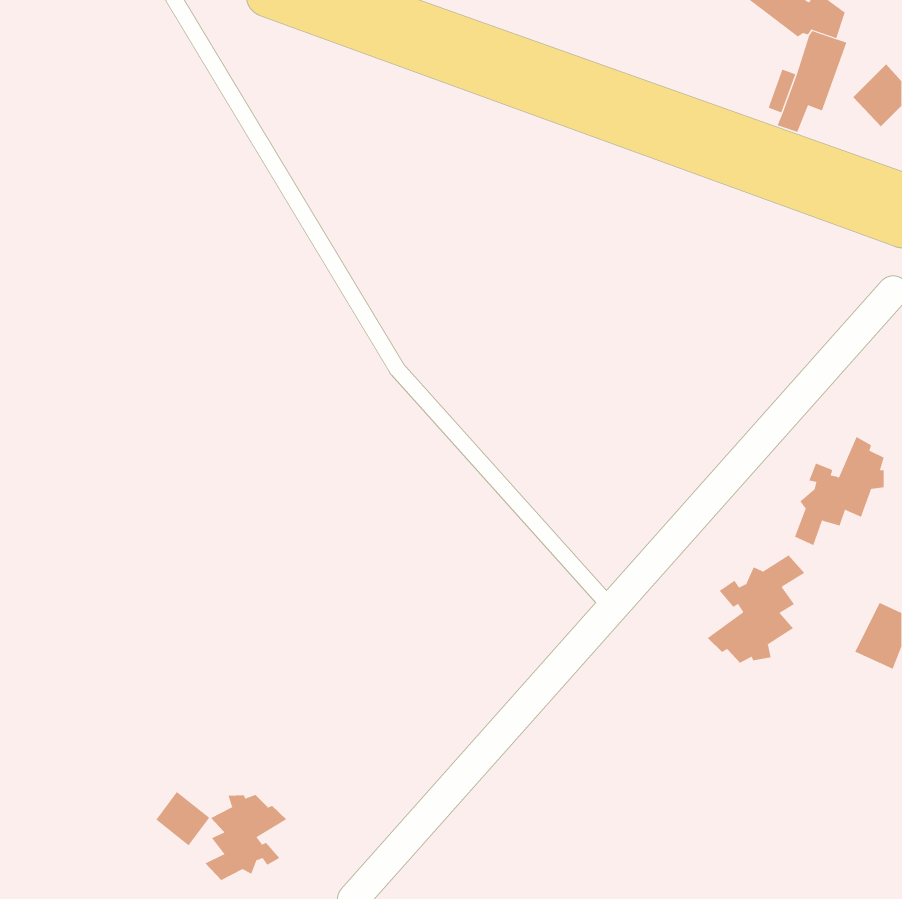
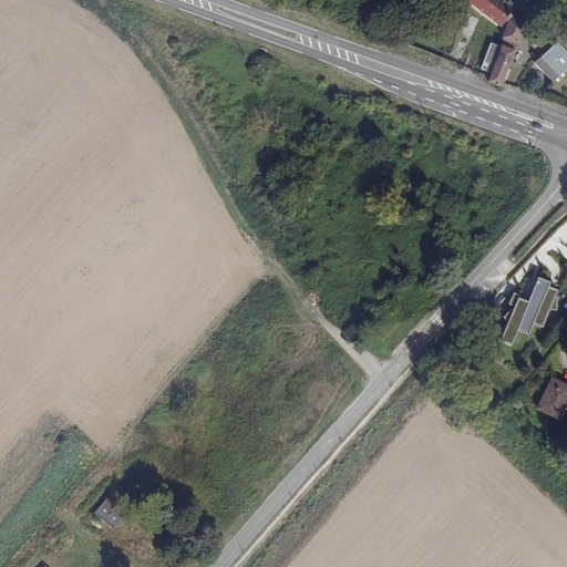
building: [707,555,805,663] -> none
building: [205,794,287,881] -> none

